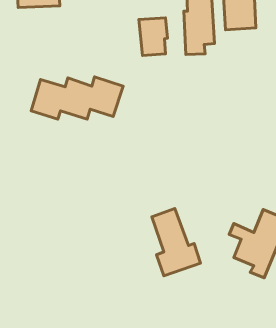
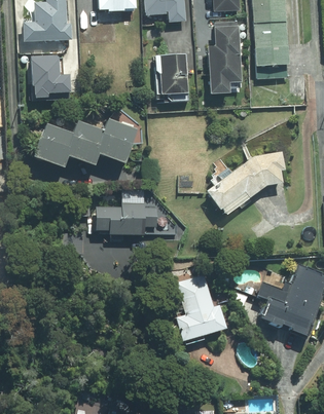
building: none -> [33,54,76,98]
building: none -> [213,149,290,213]
building: none -> [100,194,168,234]

